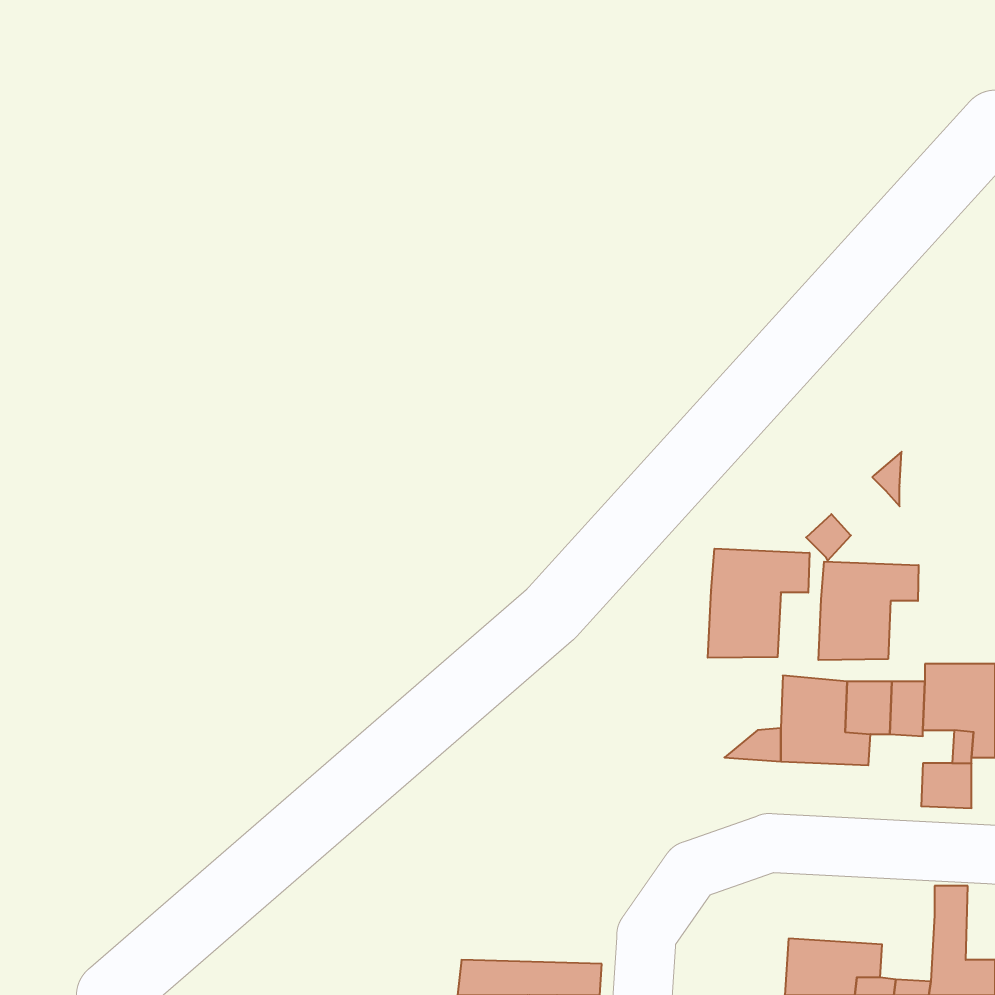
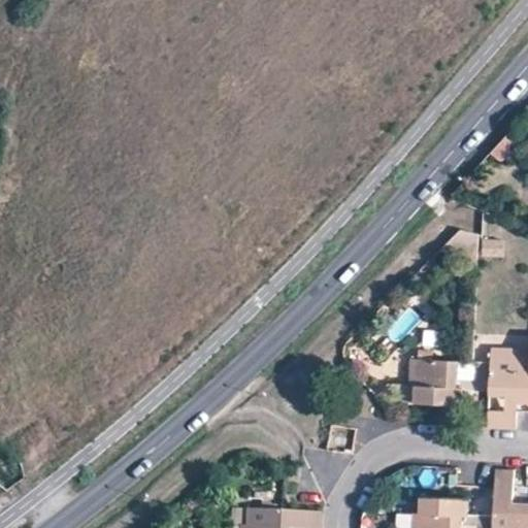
building: [708,549,809,658] -> none
building: [818,562,919,660] -> none

